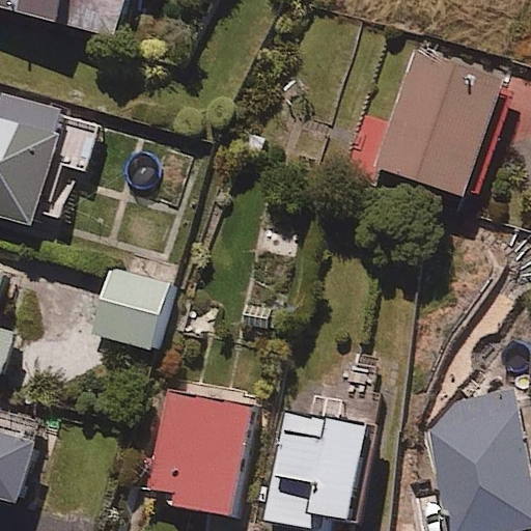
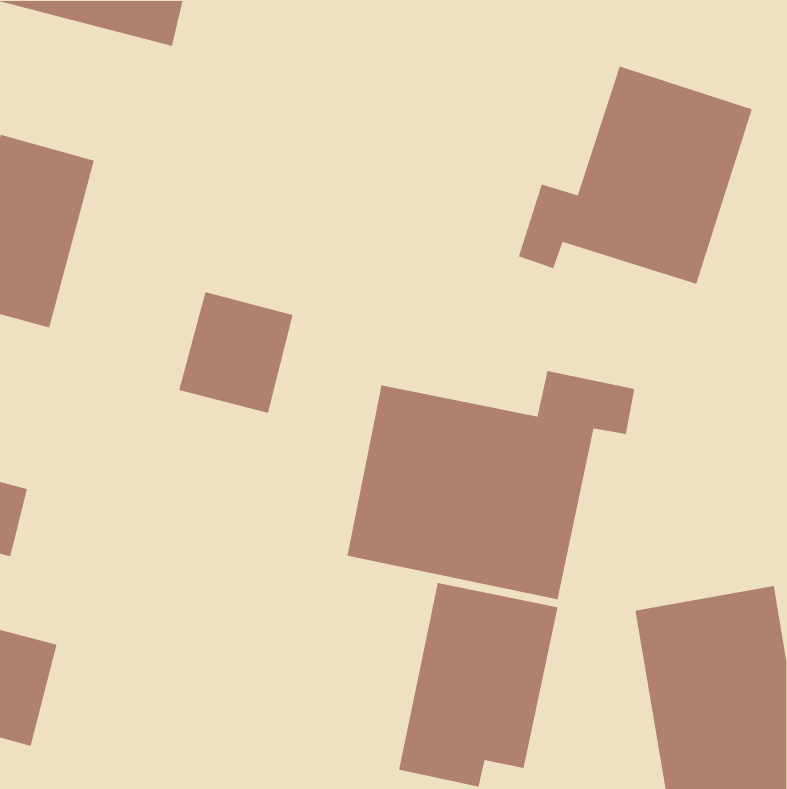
building: none -> [346,370,635,600]
building: [90,269,167,351] -> [178,291,293,414]
building: [143,390,255,522] -> none

